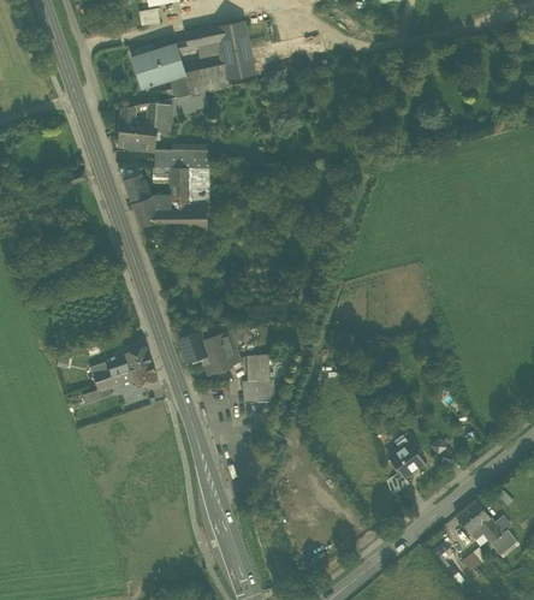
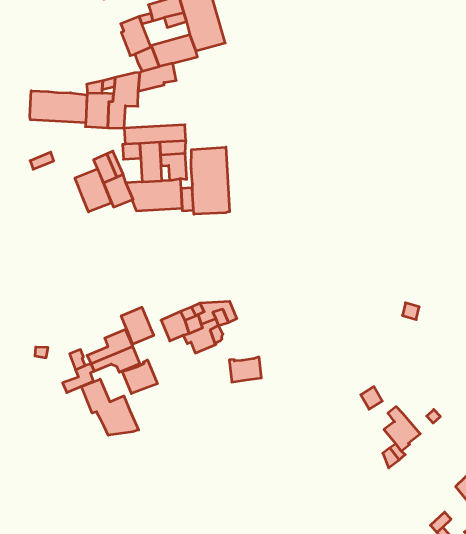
building: [131,51,164,90] -> none
building: none -> [30,91,87,123]
building: none -> [191,147,230,214]
building: none -> [75,169,111,212]
building: none -> [121,307,154,344]
building: [247,356,267,382] -> none
building: none -> [122,360,157,394]
building: none -> [81,379,139,435]

